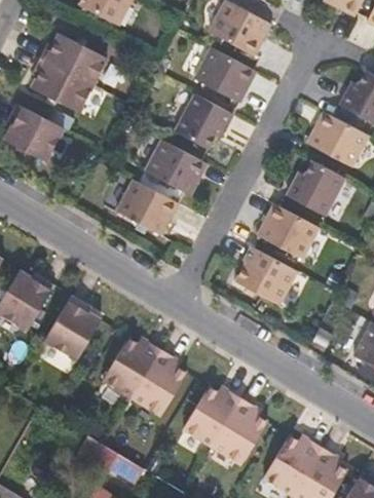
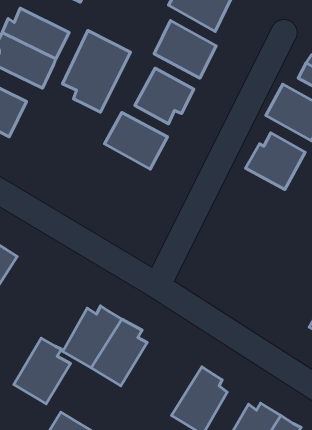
building: none -> [62,31,131,112]
building: [114,179,179,237] -> none
building: [257,203,321,260] -> none
building: [234,245,298,306] -> none
building: [43,295,101,361] -> [14,338,70,404]
building: [183,384,241,446] -> none

